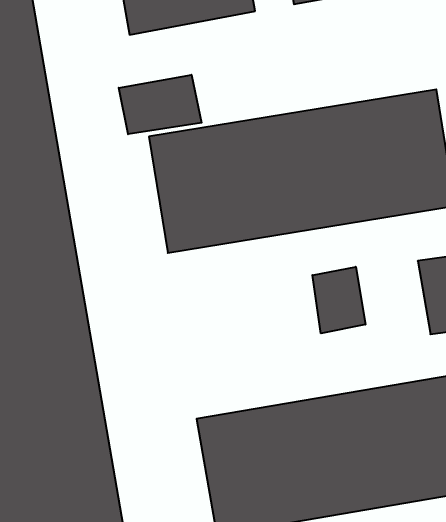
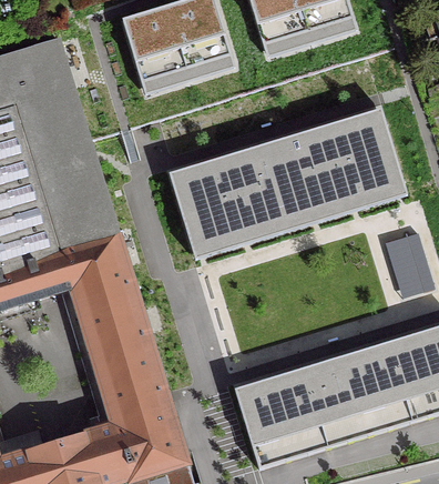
building: [119,75,202,134] -> none
building: [312,267,365,333] -> none

